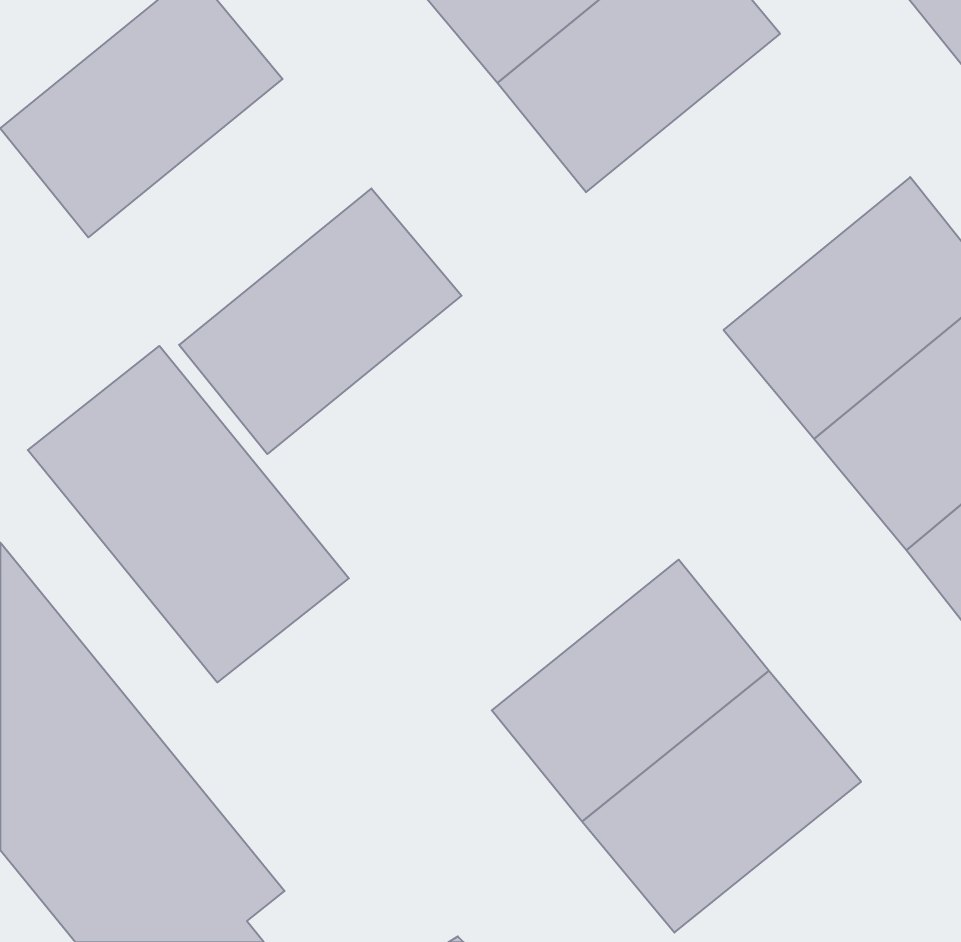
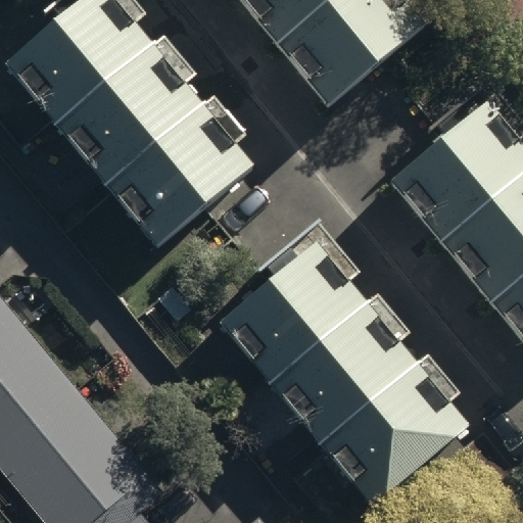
building: none -> [49,43,202,187]
building: [28,346,349,682] -> none
building: none -> [218,243,369,385]

